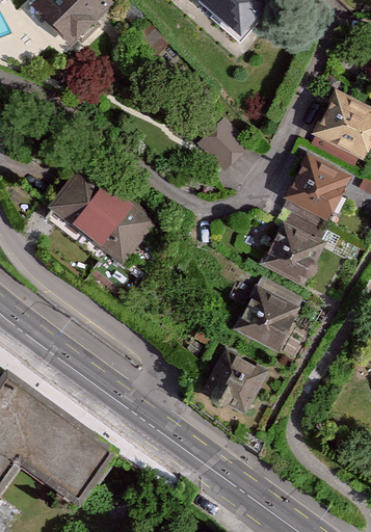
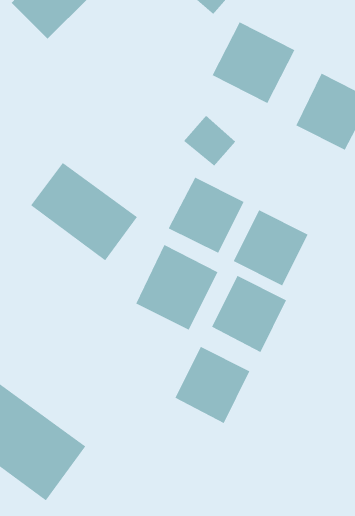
building: none -> [212,21,295,104]
building: [276,151,350,224] -> [168,177,244,253]
building: none -> [136,244,218,330]

